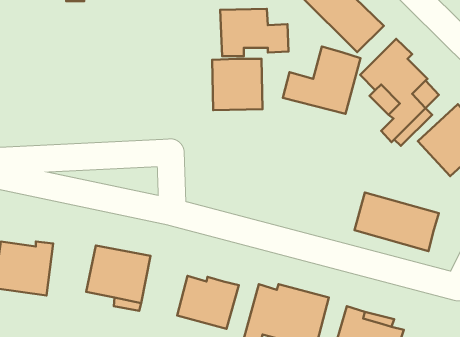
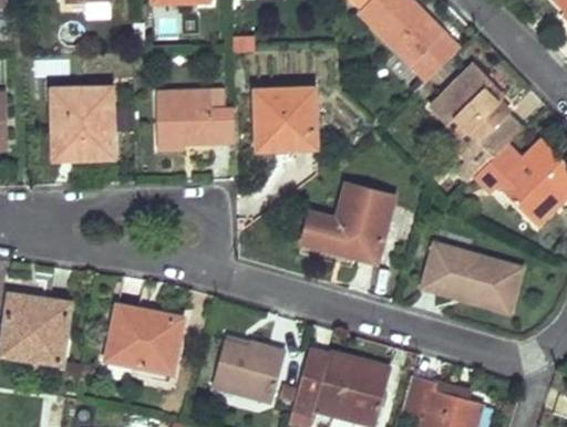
building: [220,9,289,56] -> [154,90,234,145]
building: [283,47,361,114] -> [301,180,392,259]
building: none -> [54,86,111,157]

